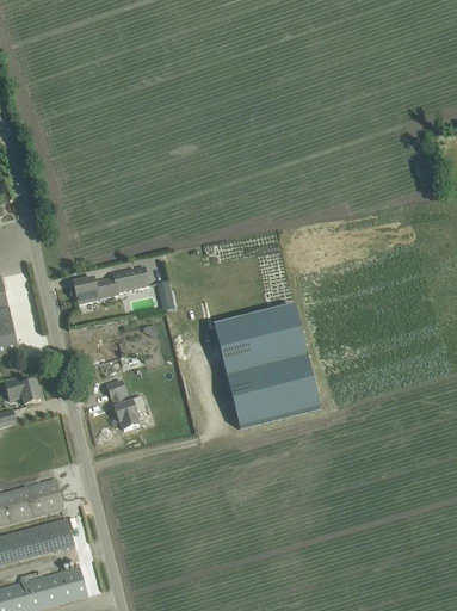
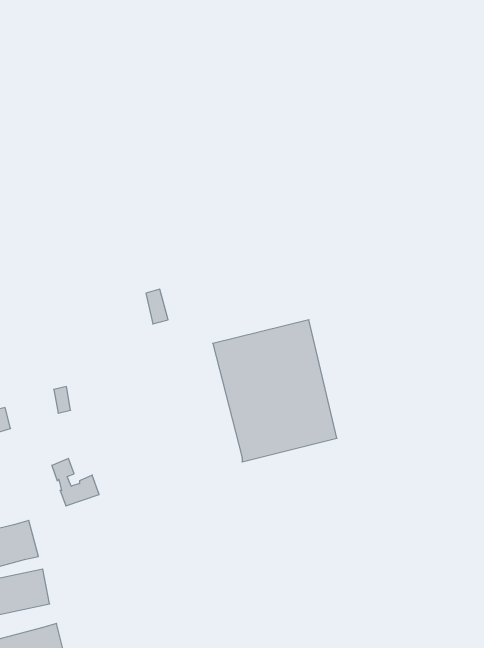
building: [74,265,150,303] -> none
building: [107,379,148,420] -> [52,458,99,506]

